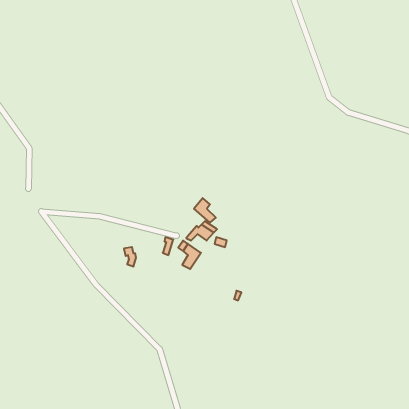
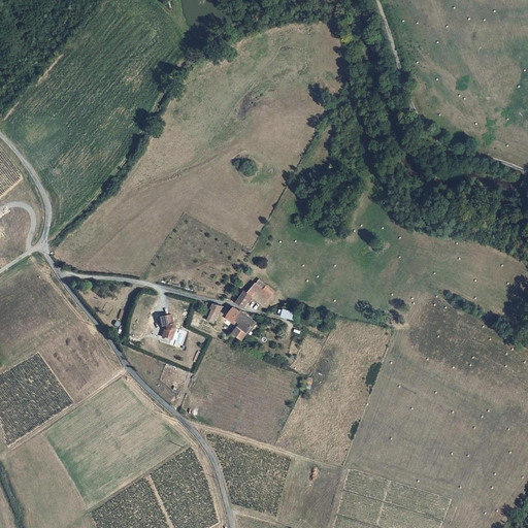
building: [194,198,216,223] -> none

